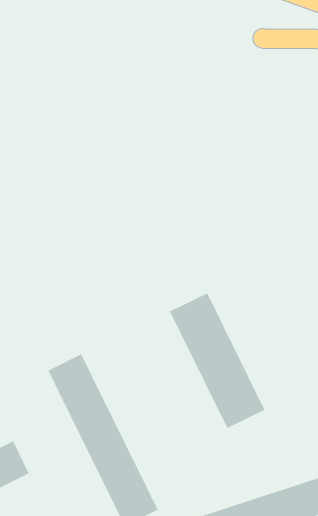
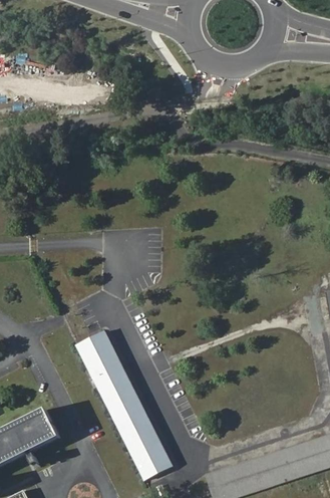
building: [169,293,265,429] -> none

